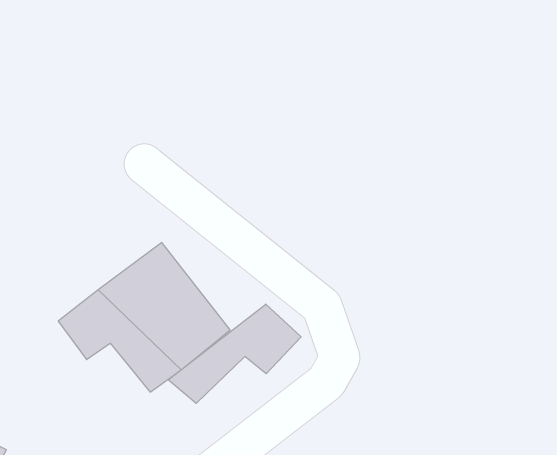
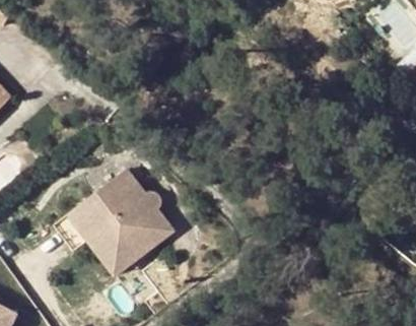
building: [168,304,301,403] -> none

